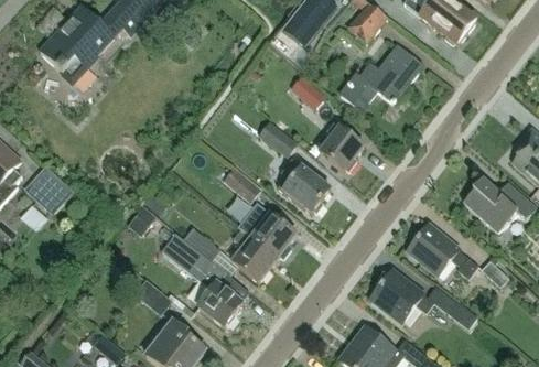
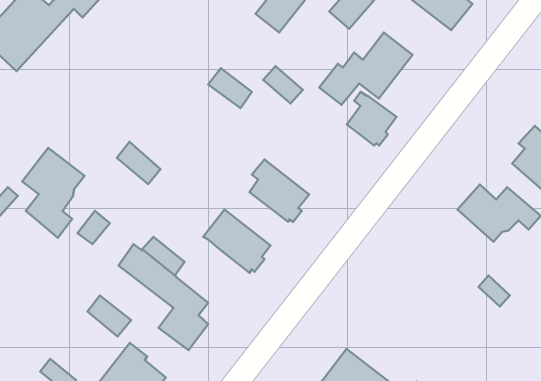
building: [259,120,298,155] -> [208,68,252,108]
building: [320,123,364,171] -> [347,92,397,146]
building: none -> [22,148,85,238]
building: [224,165,262,203] -> [117,142,161,184]
building: [406,223,478,278] -> none
building: [231,228,278,282] -> none
building: [369,268,477,328] -> none

